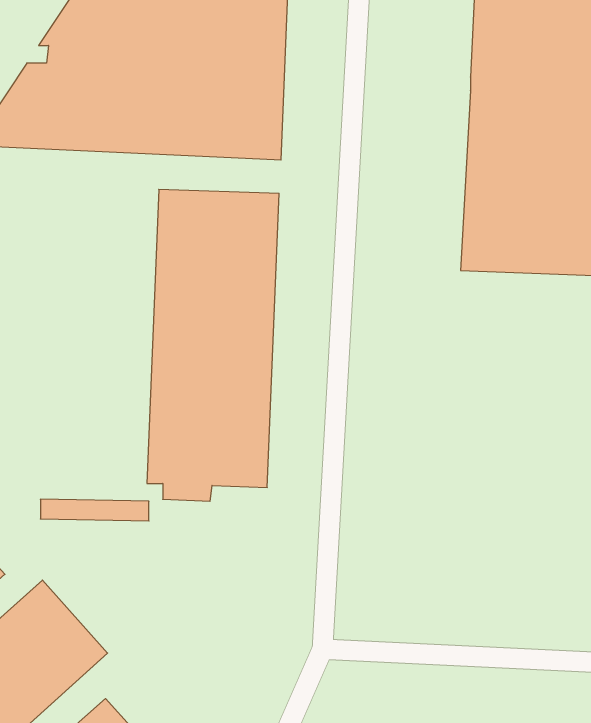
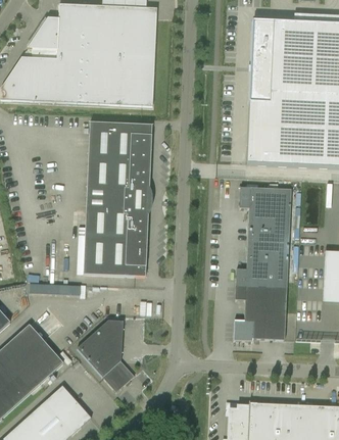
building: none -> [234,186,292,340]
building: none -> [77,319,135,391]

